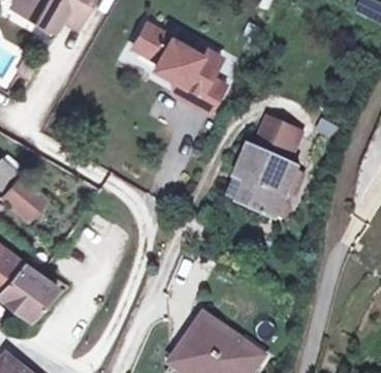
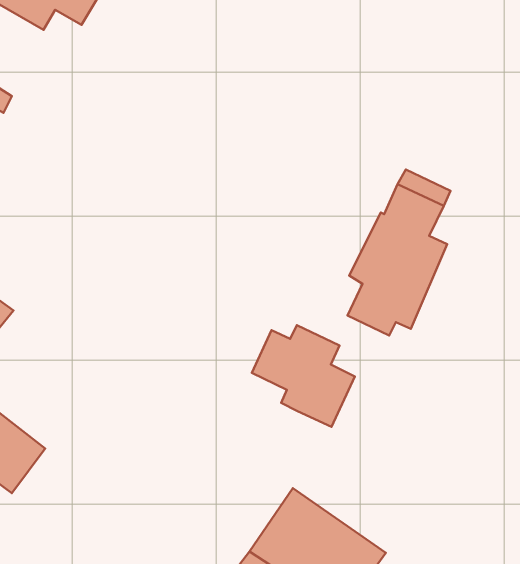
building: [134,22,223,111] -> none
building: none -> [252,325,355,427]

